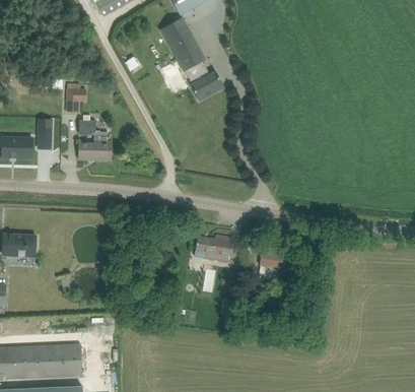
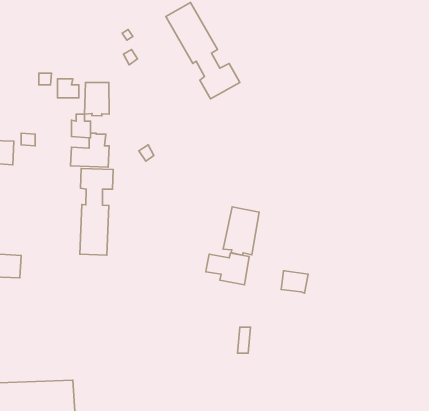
building: none -> [85,82,109,116]
building: none -> [80,168,113,255]
building: none -> [223,207,259,255]

